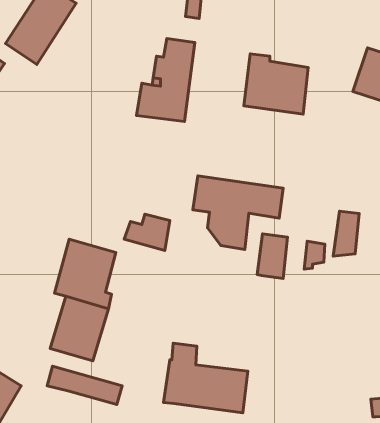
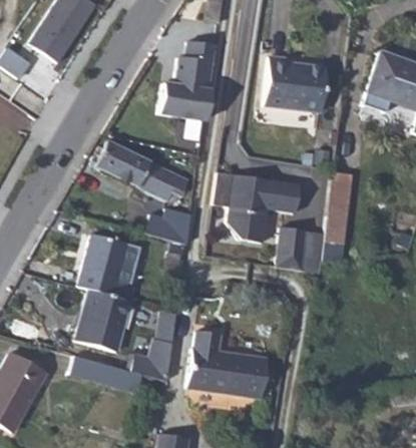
building: none -> [95,141,187,199]
building: [333,211,359,256] -> [326,171,351,214]
building: none -> [134,339,172,381]

